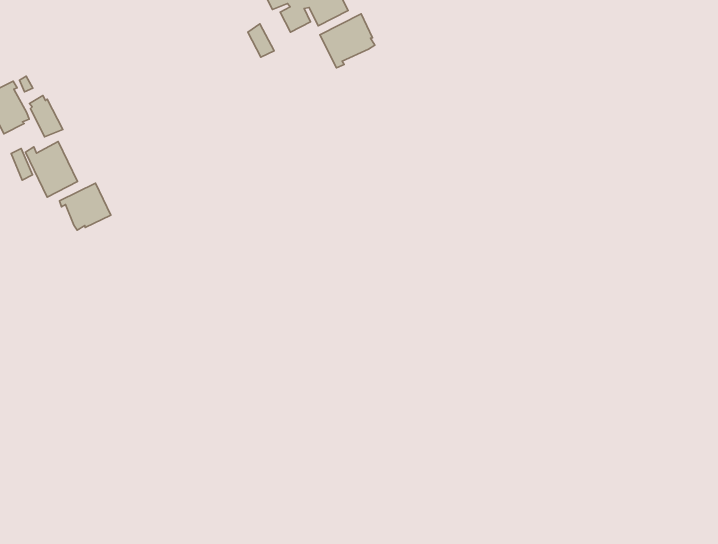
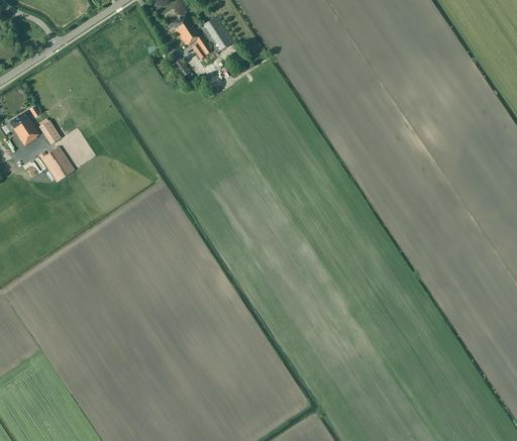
building: [320,14,375,68] -> none
building: [59,183,111,230] -> none

